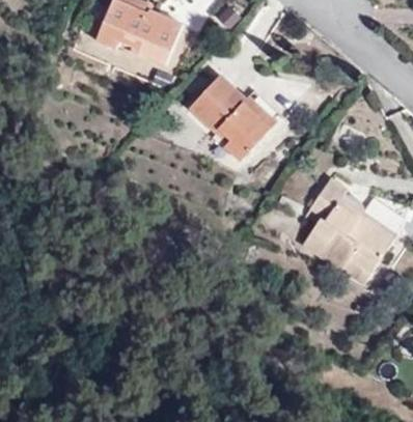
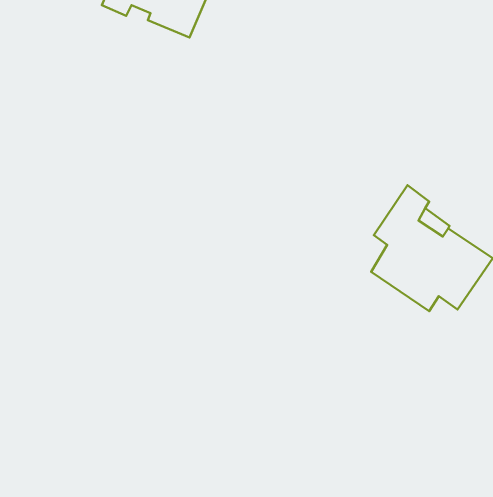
building: [189,75,277,162] -> none

